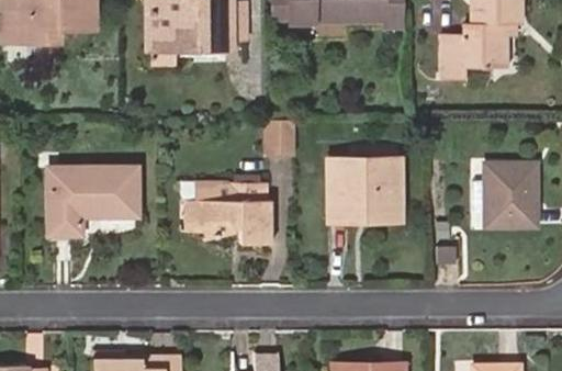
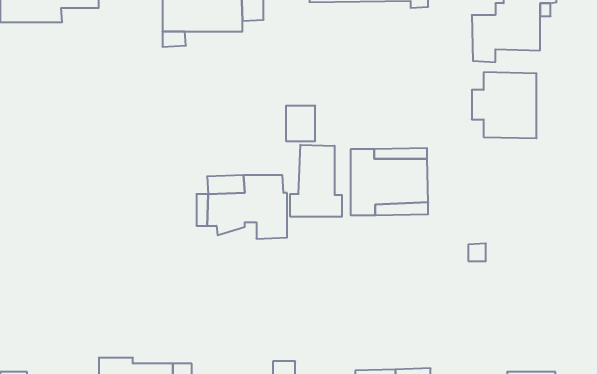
building: none -> [290,145,342,217]
building: [475,164,536,225] -> [472,72,537,138]
building: [48,167,139,234] -> none

